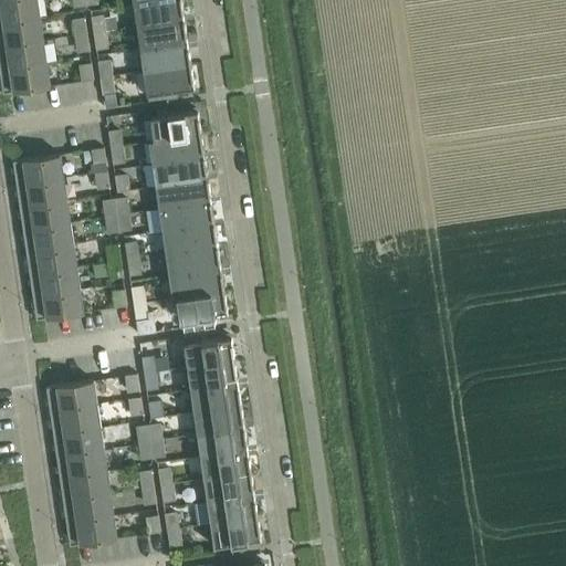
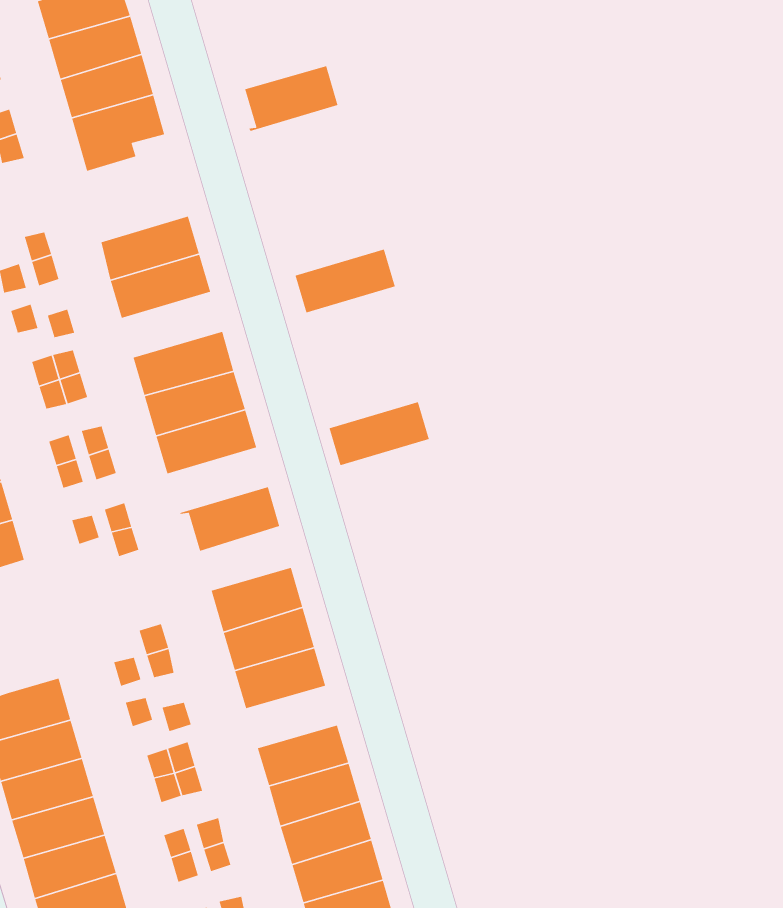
building: [148,113,200,144] -> [244,65,338,132]
building: [155,180,210,210] -> [294,249,396,314]
building: [168,270,223,300] -> [328,401,430,466]
building: [193,407,243,436] -> none

